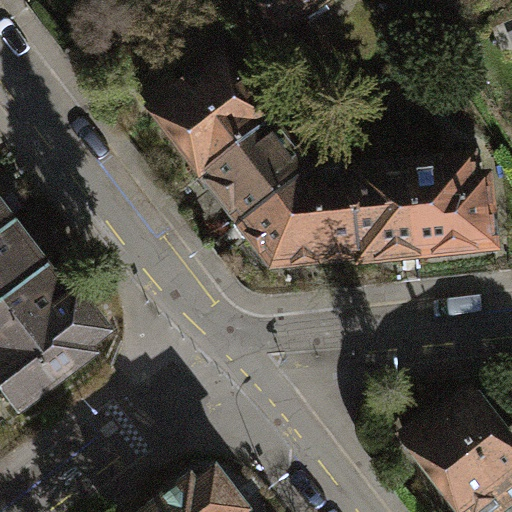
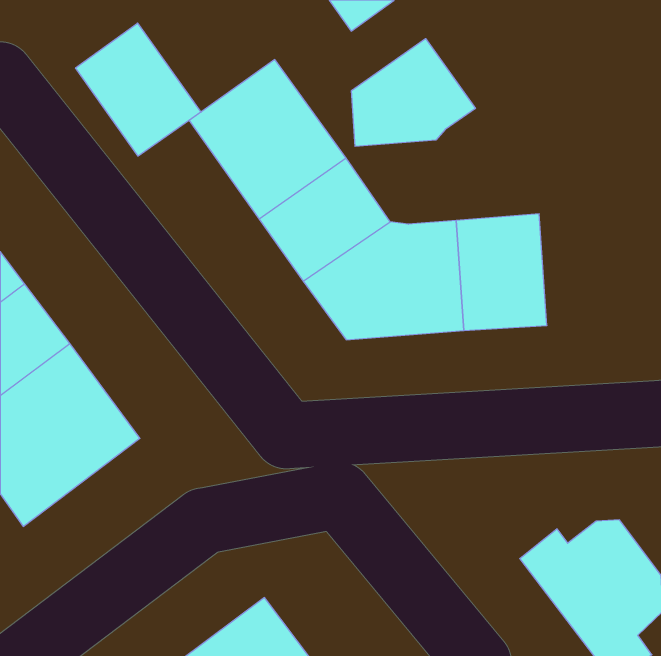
building: none -> [76,23,201,156]
building: none -> [352,39,475,146]
building: [417,166,490,256] -> none

